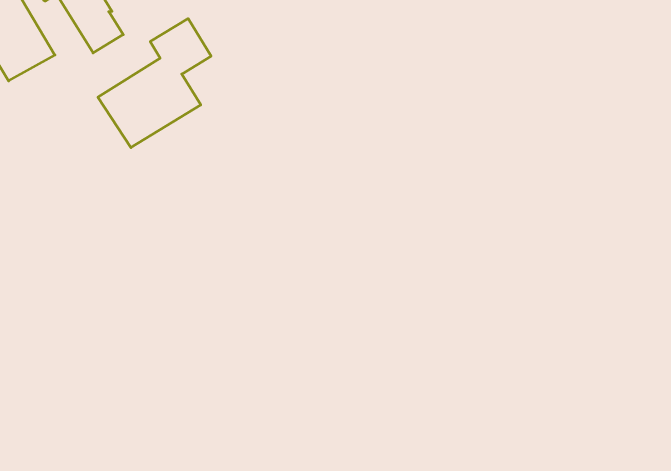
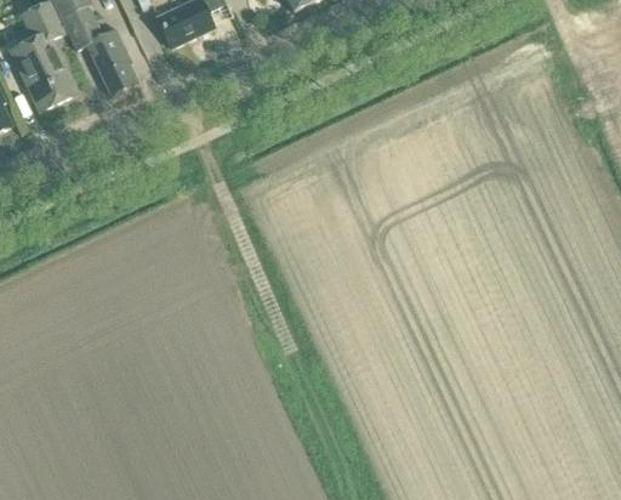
building: [98,19,211,148] -> none

